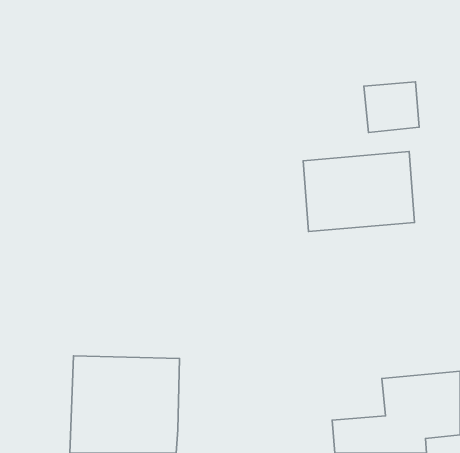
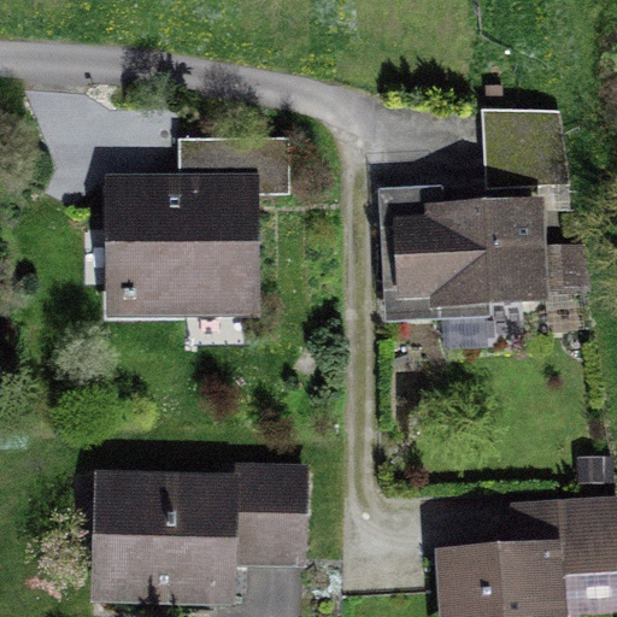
building: none -> [105,180,259,318]
building: none -> [236,465,304,571]

